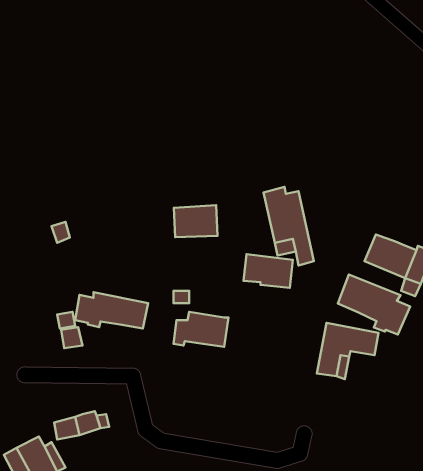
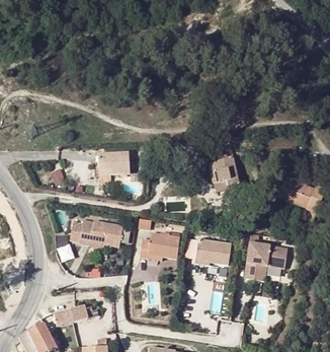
building: [174,205,217,237] -> [98,151,130,174]
building: [244,254,293,288] -> [196,239,232,264]
building: [338,275,410,334] -> none

